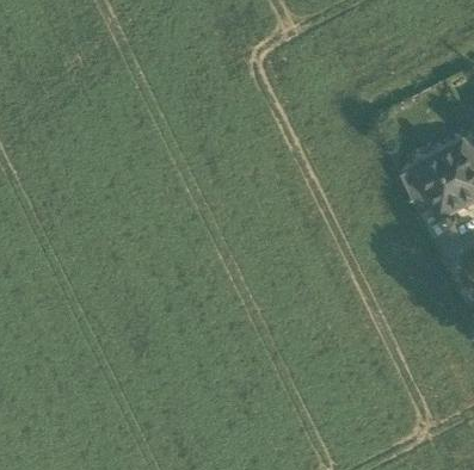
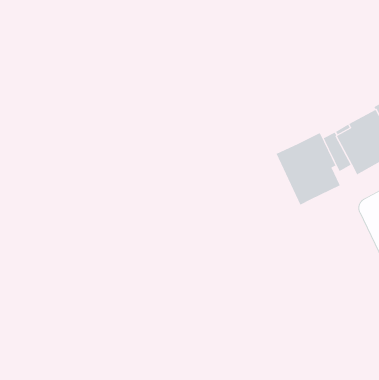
building: none -> [276,132,340,206]

